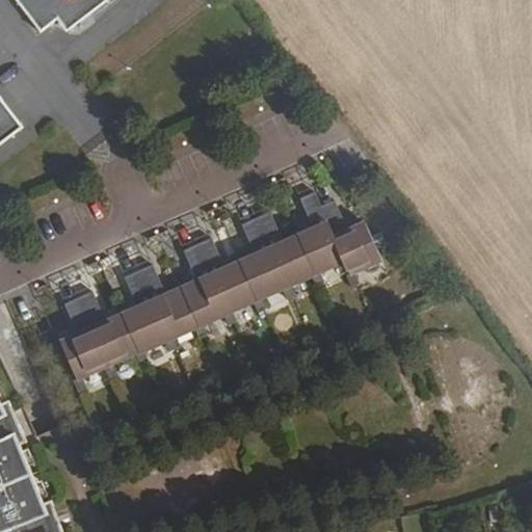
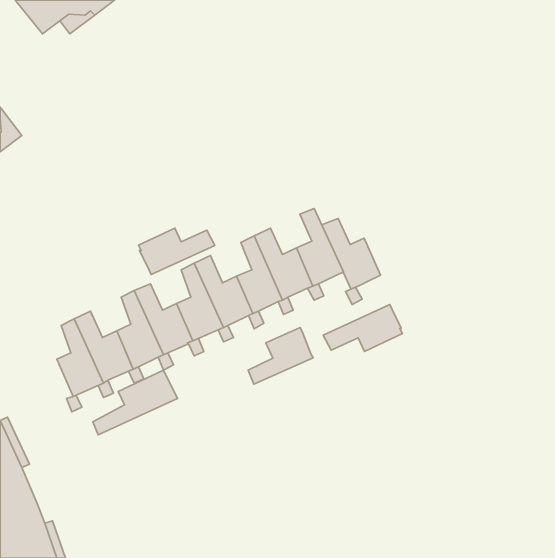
building: none -> [138,228,215,275]
building: none -> [323,305,402,351]
building: none -> [248,328,313,384]
building: none -> [93,370,178,435]

